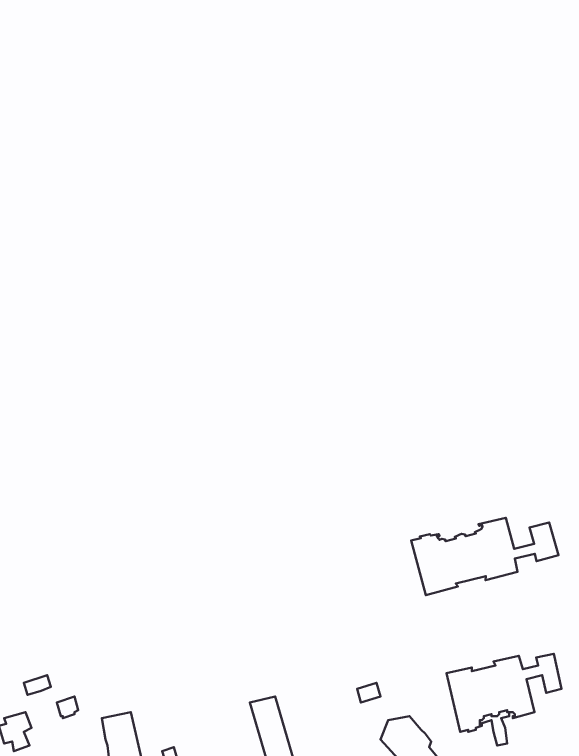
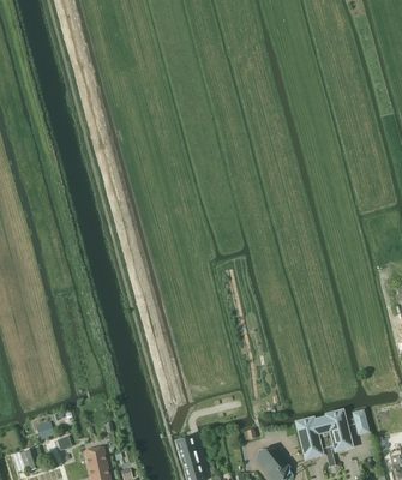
building: [411,518,559,595] -> none

